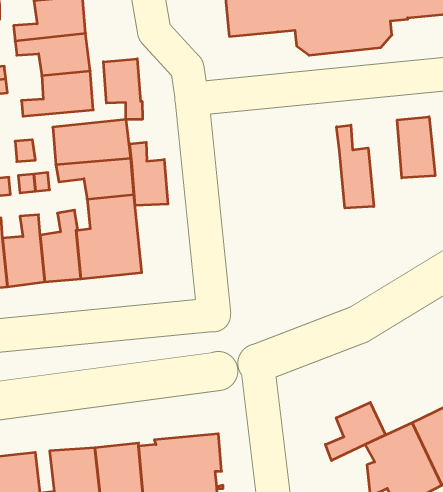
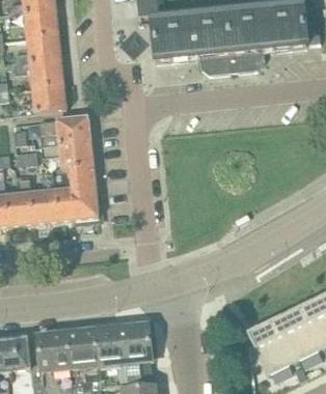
building: [103,59,142,119] -> none
building: [397,117,435,178] -> none
building: [337,125,374,208] -> none
building: [130,142,168,206] -> none
building: [325,402,386,461] -> none

